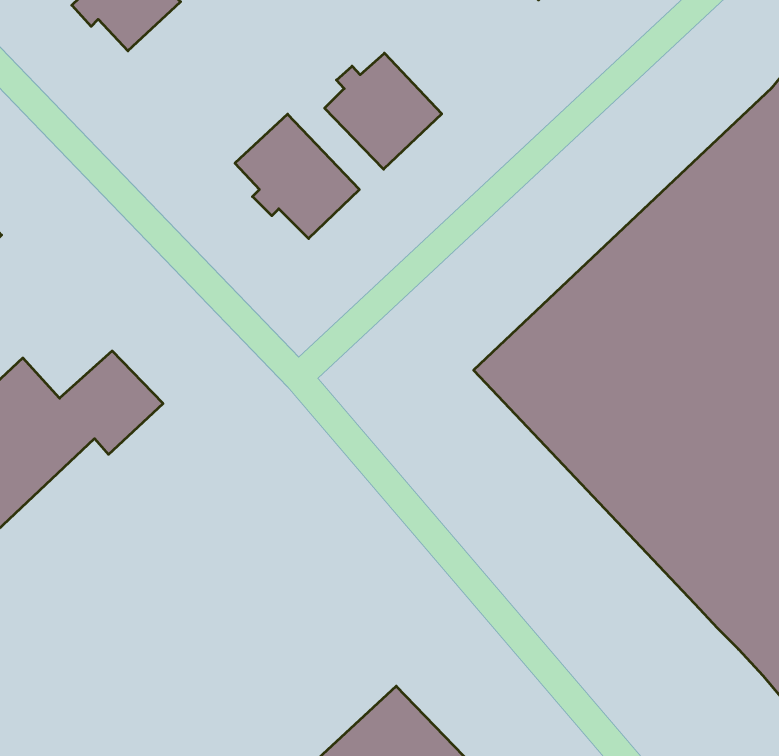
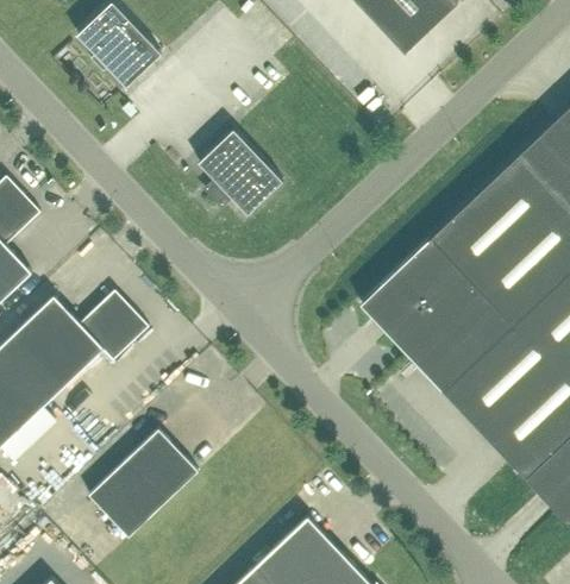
building: [325,53,442,169] -> none
building: none -> [88,429,199,539]

